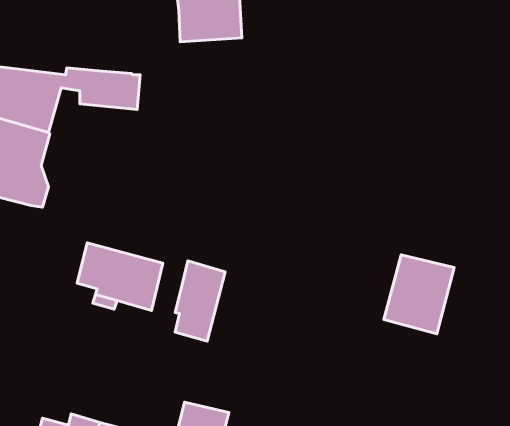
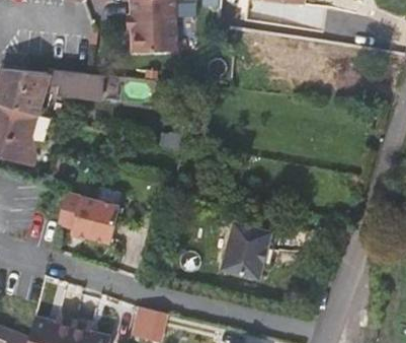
building: [384,255,454,334] -> [222,222,271,278]
building: [175,261,225,341] -> none

